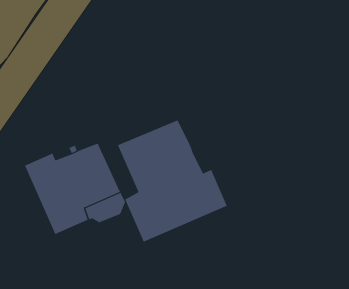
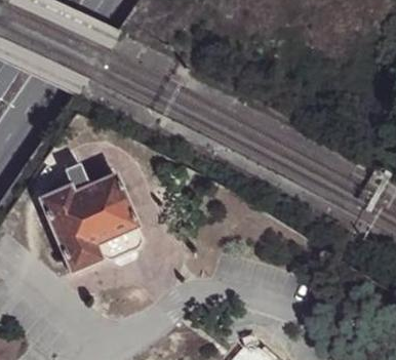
building: [117,120,227,243] -> none

